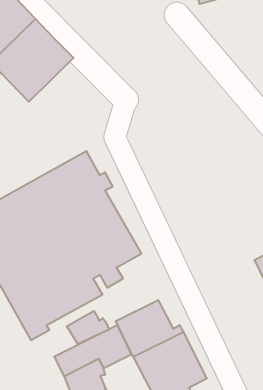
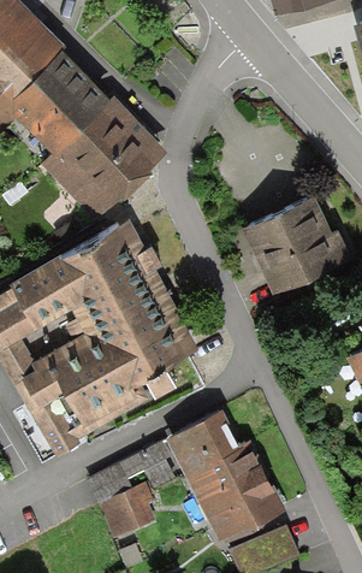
building: none -> [42,94,166,225]
building: none -> [242,194,351,294]
building: [67,311,109,344] -> none

